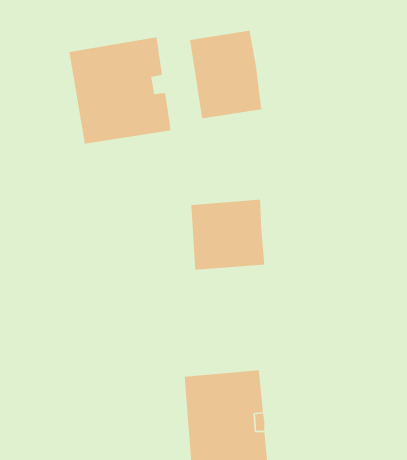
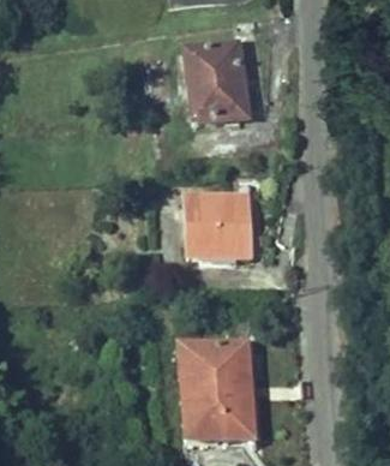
building: [69,36,172,144] -> none

